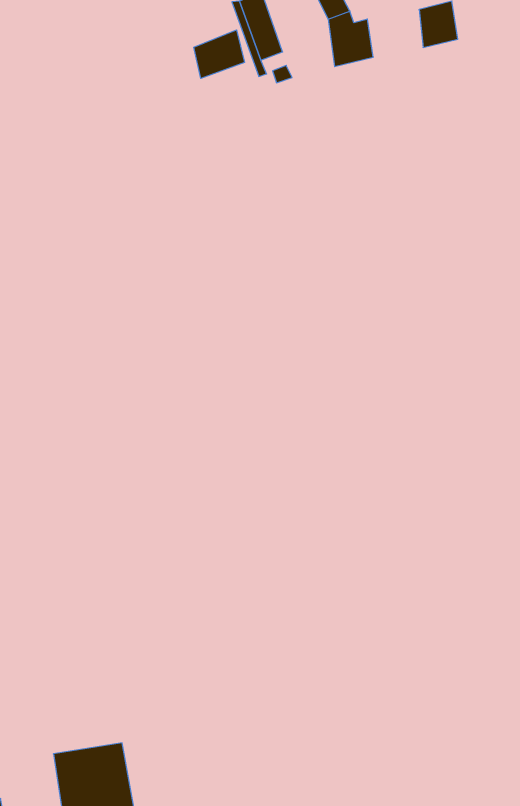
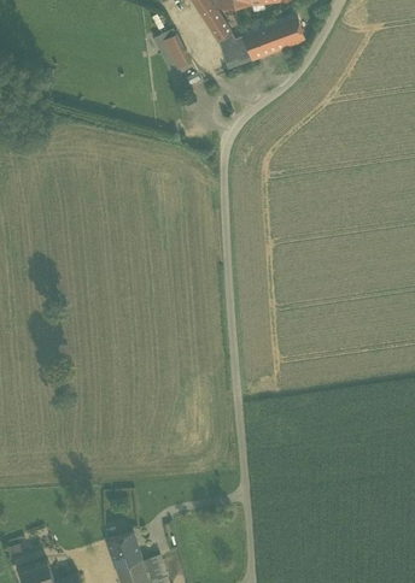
building: none -> [244,25,282,60]
building: [194,30,245,78] -> none

